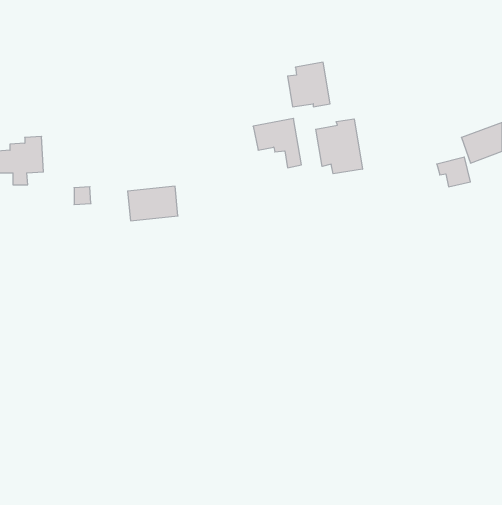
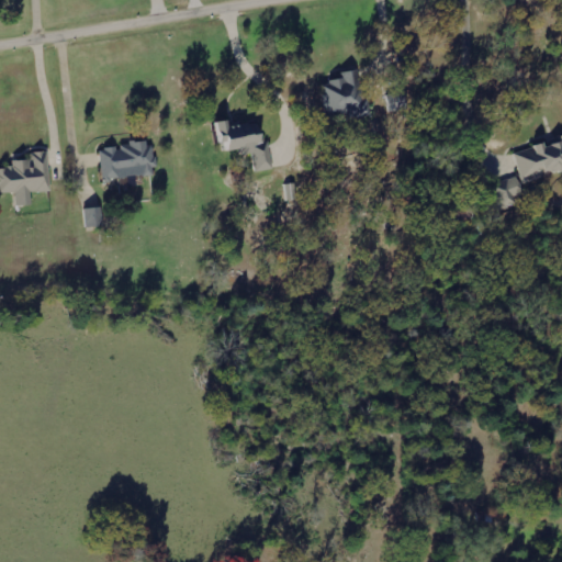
building: [253,118,301,168] -> [215,117,269,172]
building: [316,119,362,174] -> none
building: [128,186,178,221] -> [98,142,154,180]

